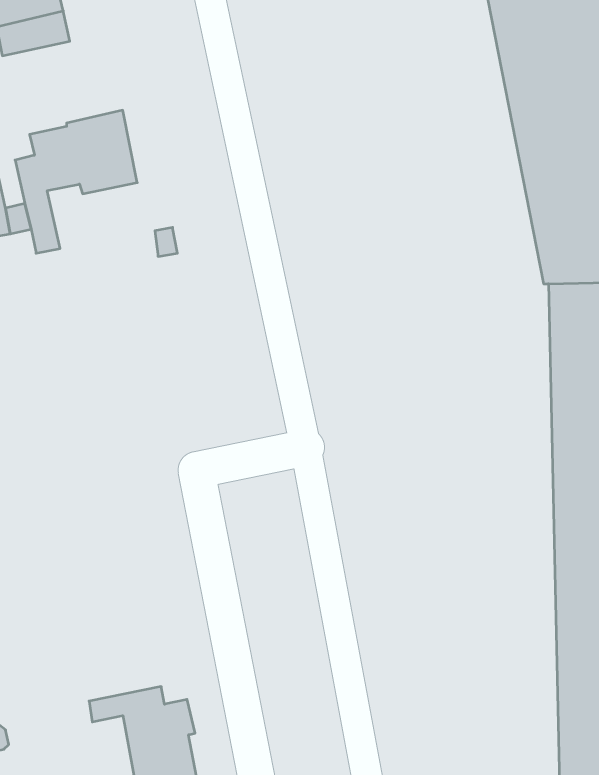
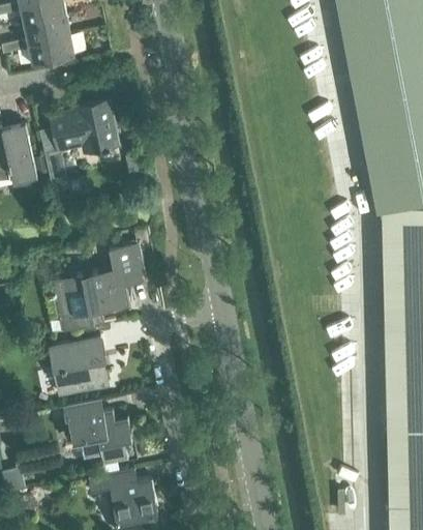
building: none -> [51,241,148,329]
building: none -> [51,337,109,396]
building: none -> [64,403,137,463]

